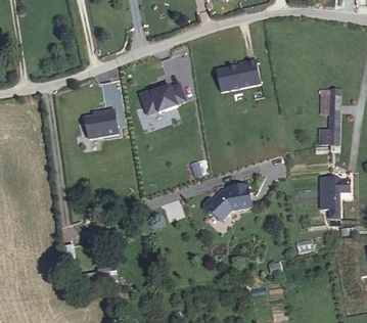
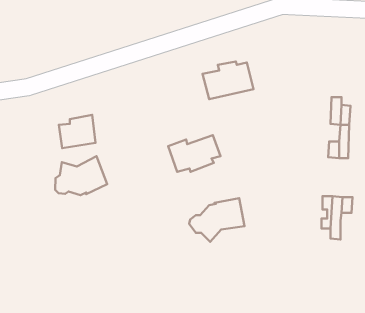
building: [137,82,185,116] -> [168,135,221,172]
building: none -> [55,156,107,195]

